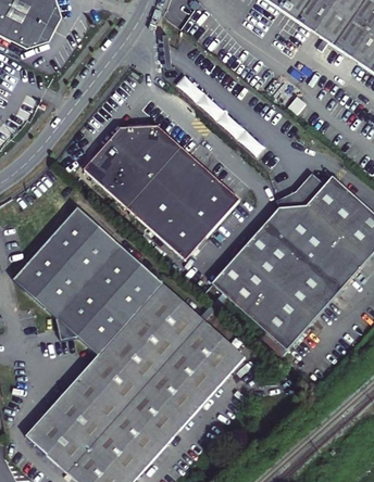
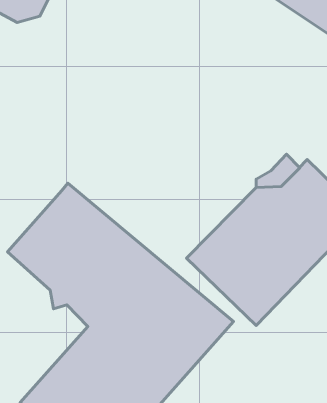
building: [75,123,230,263] -> none

